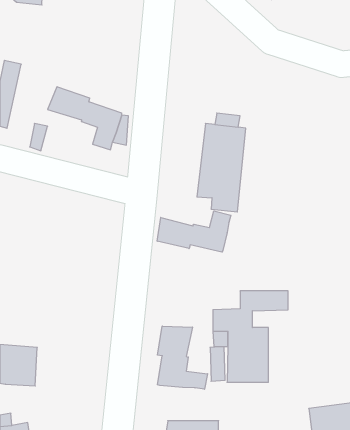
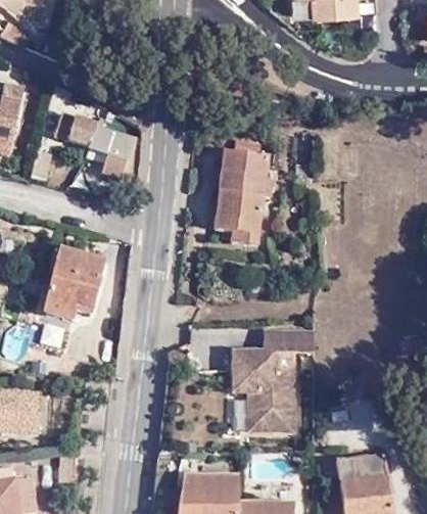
building: [157,211,231,252] -> none
building: none -> [44,249,103,321]
building: [158,326,208,389] -> none

